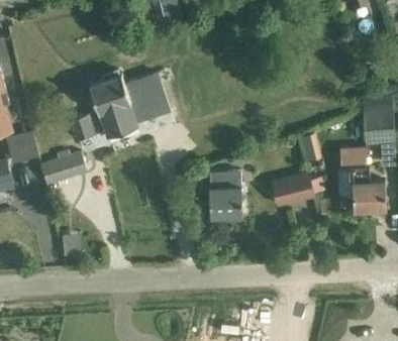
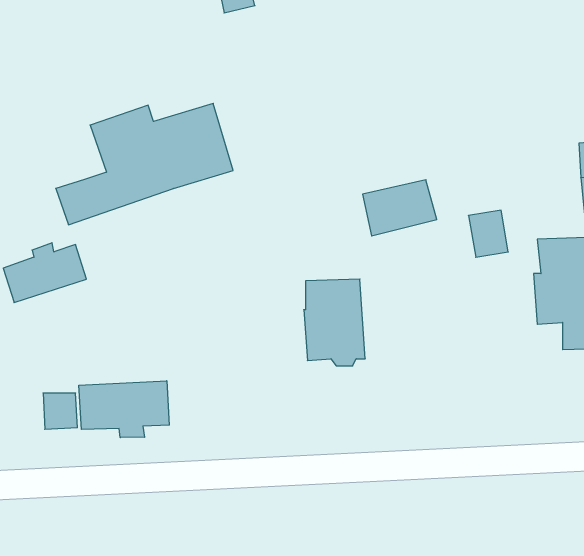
building: [274,176,315,207] -> [363,180,437,236]
building: none -> [79,381,169,438]

